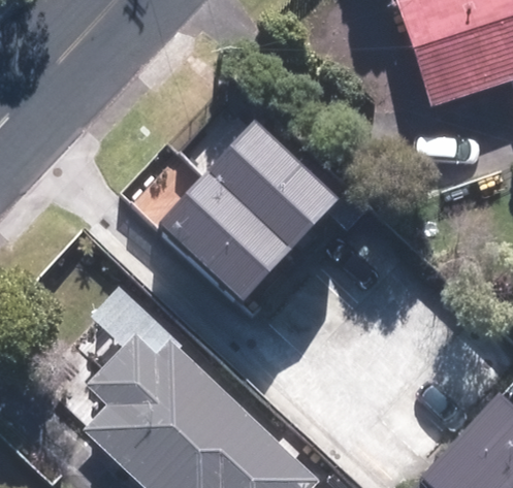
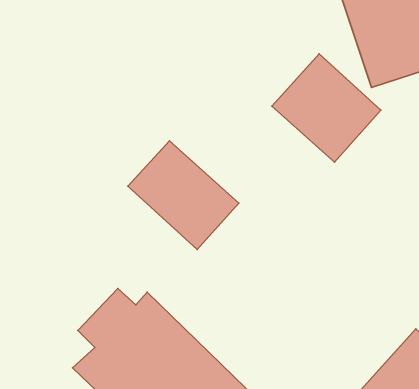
building: none -> [272,54,381,162]
building: [207,122,336,248] -> none

